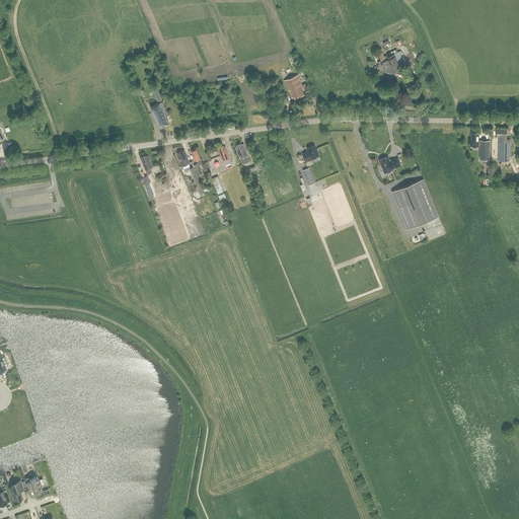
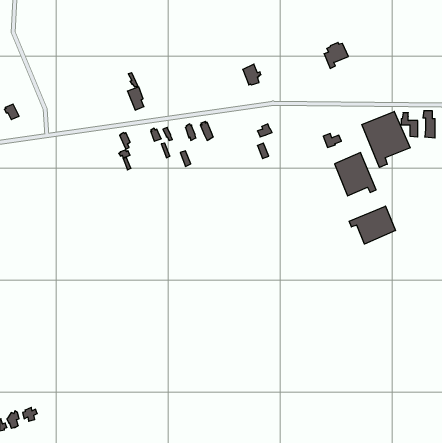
building: none -> [362,111,410,167]
building: none -> [349,206,395,244]

